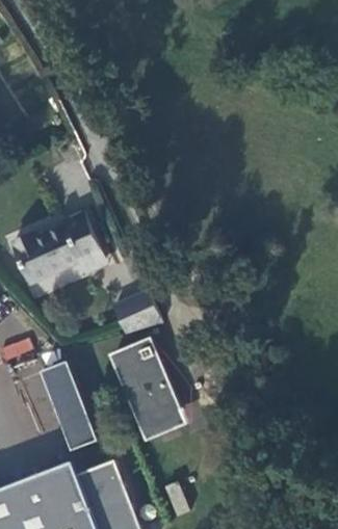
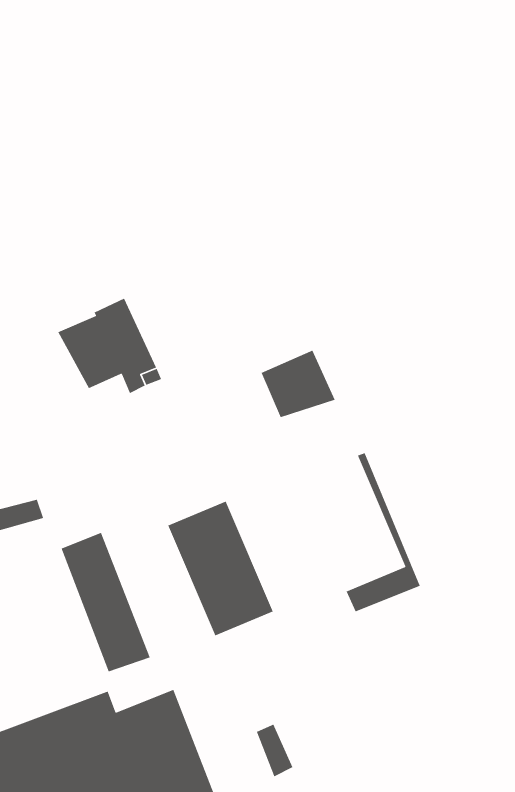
building: [11,231,58,282] -> none
building: [113,289,161,333] -> [260,350,336,418]
building: [138,338,186,440] -> [345,452,421,613]

